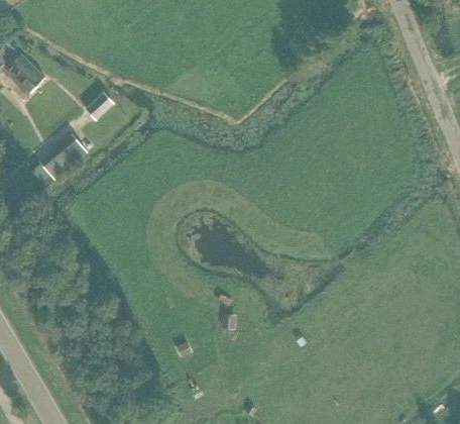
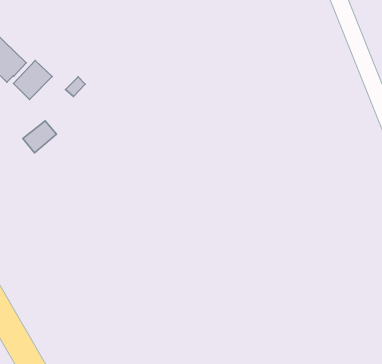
building: none -> [14,60,52,99]

